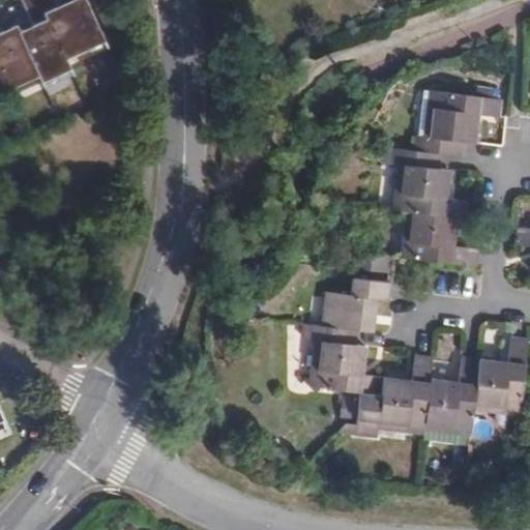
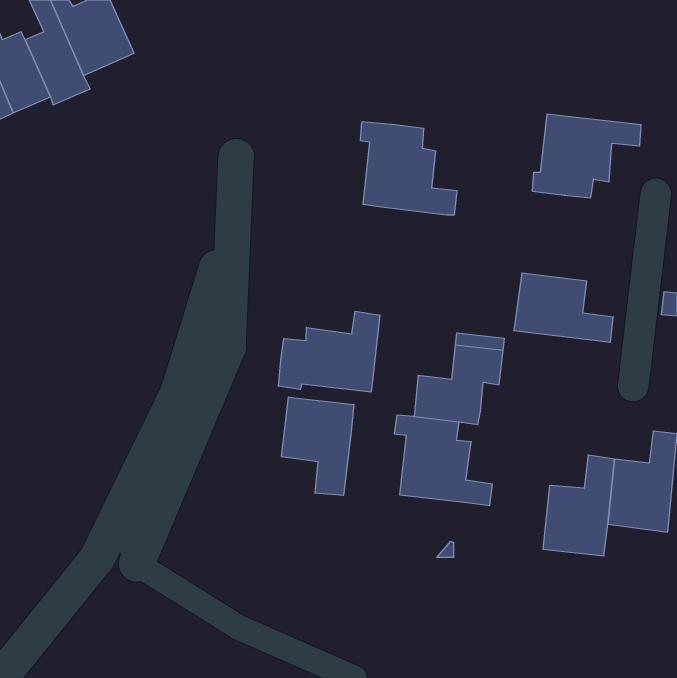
building: [390,147,466,219] -> [360,122,457,215]
building: none -> [278,311,380,392]
building: none -> [282,397,354,495]
building: [362,355,432,433] -> none

